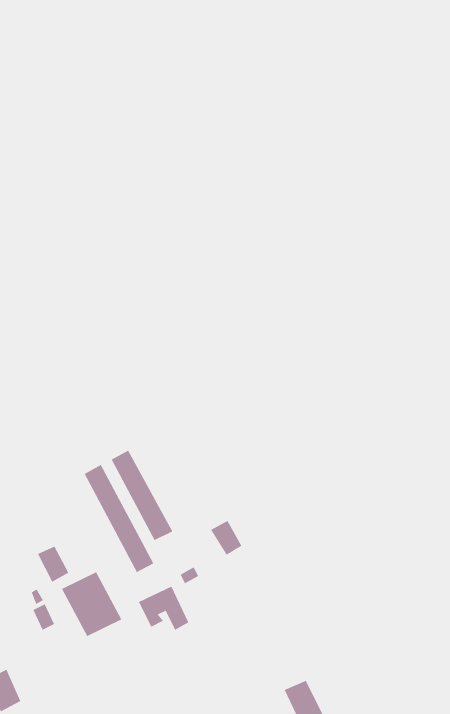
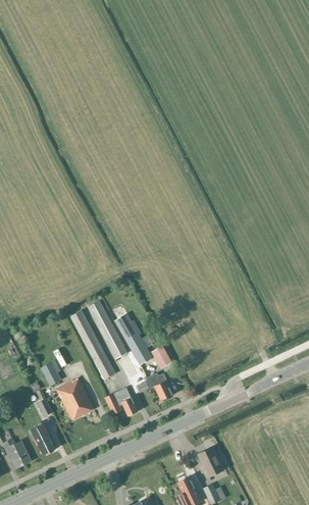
building: none -> [113,311,152,364]
building: none -> [147,372,172,400]
building: none -> [29,423,55,454]

